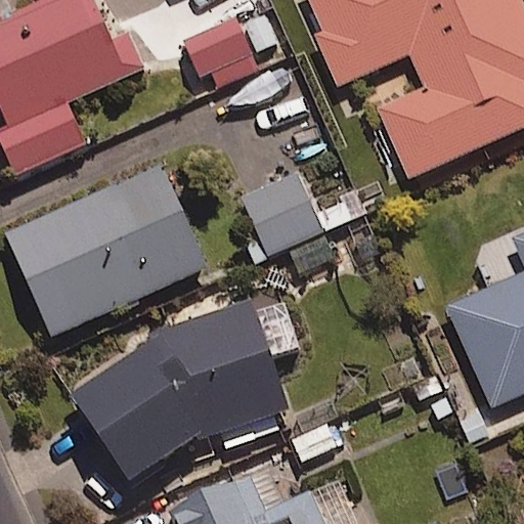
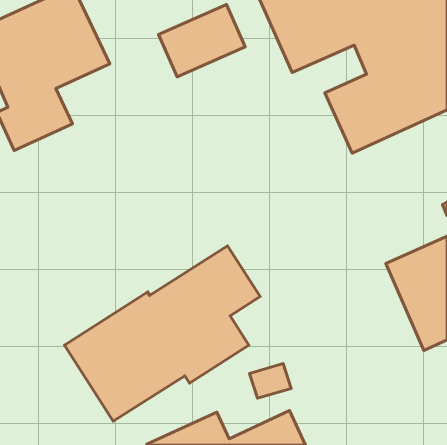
building: [7,166,205,335] -> none
building: [243,175,351,270] -> none

